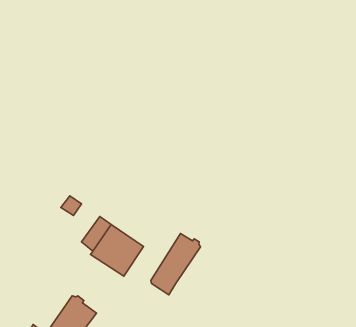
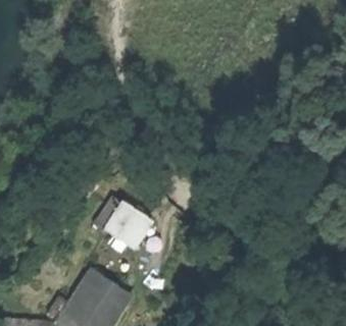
building: [151,233,201,295] -> none

